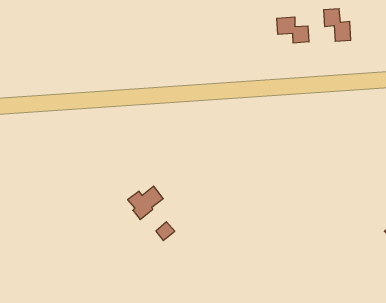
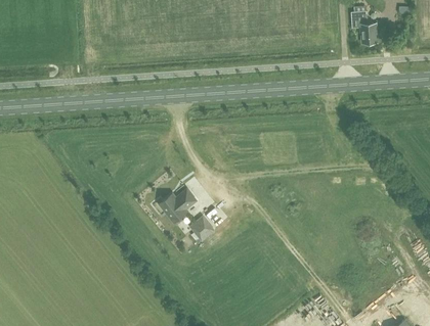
building: [277,17,309,43] -> none

